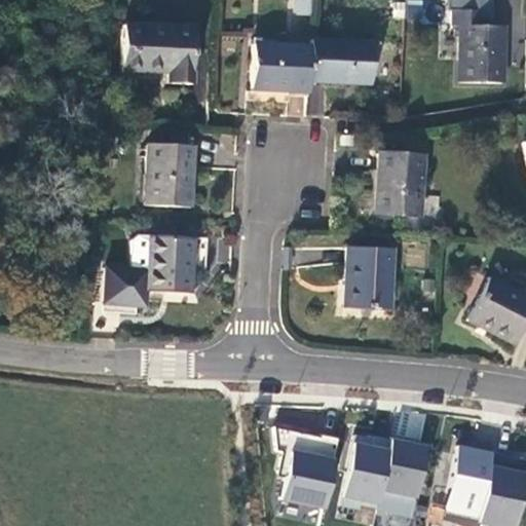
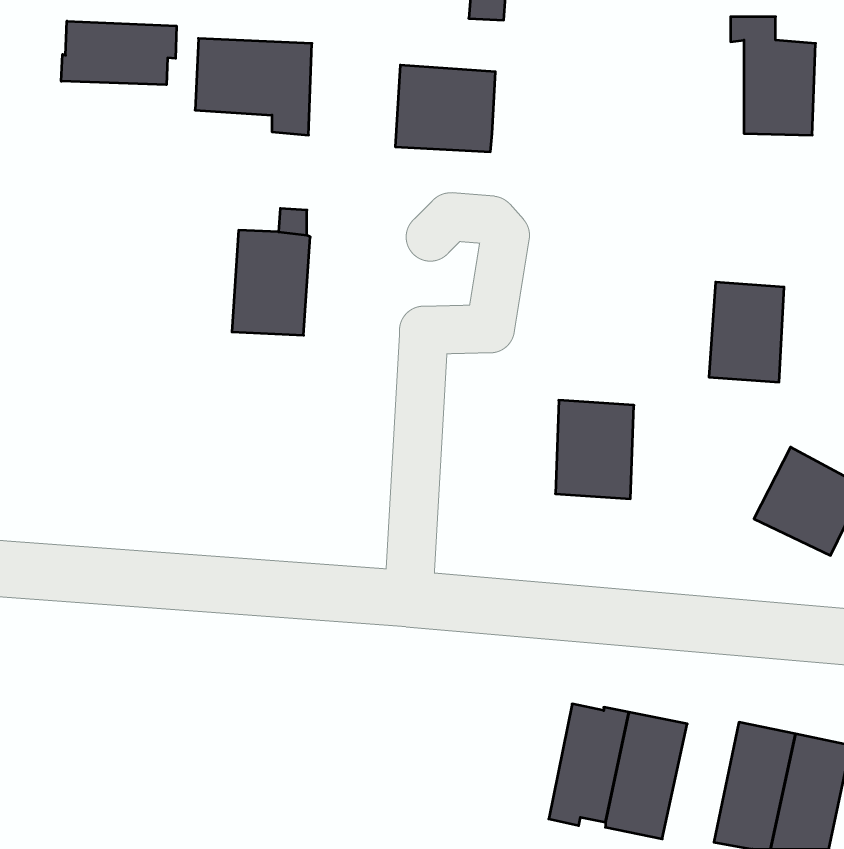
building: none -> [61,21,176,85]
building: [308,37,377,85] -> none
building: [377,152,423,214] -> [709,282,784,382]
building: [106,234,195,305] -> none
building: [277,425,341,506] -> none

